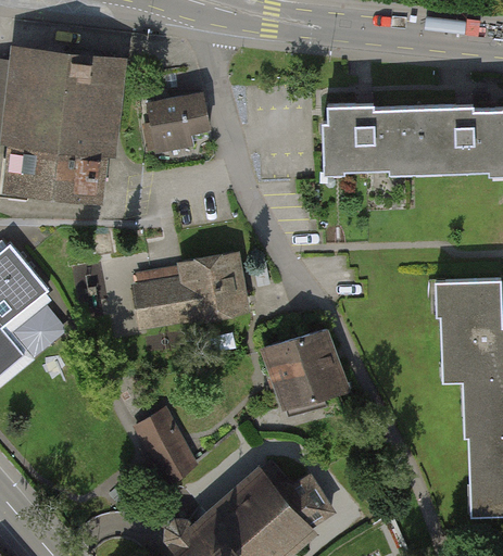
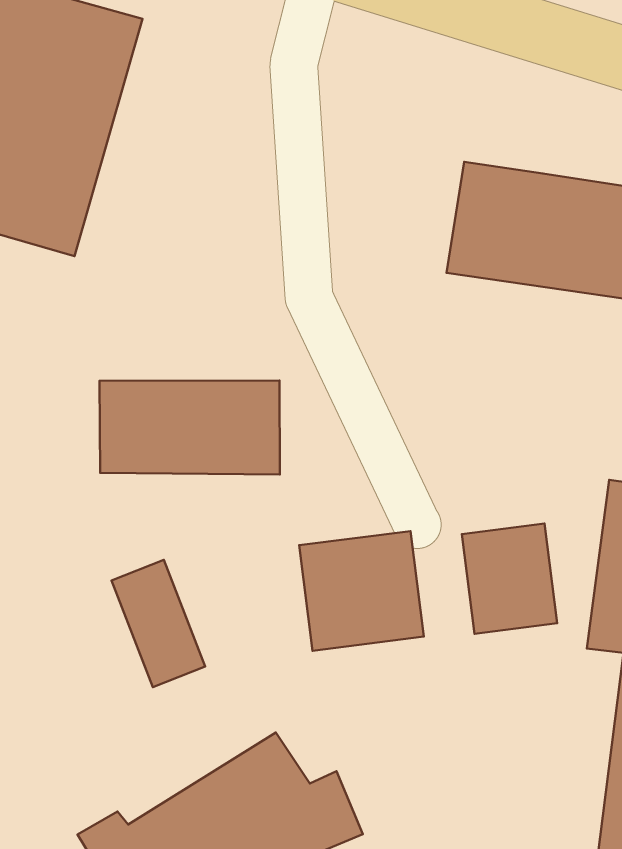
building: [146,94,210,155] -> none
building: none -> [462,524,557,634]
building: [138,408,201,483] -> [112,560,205,687]

